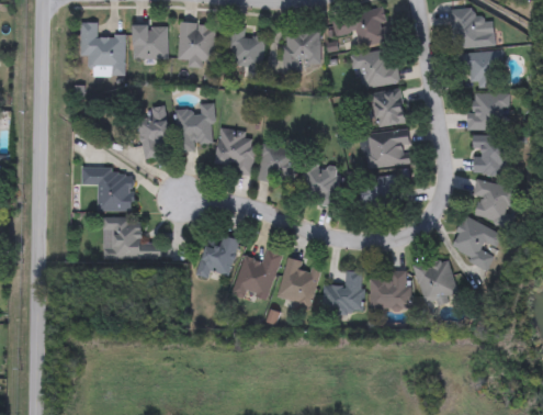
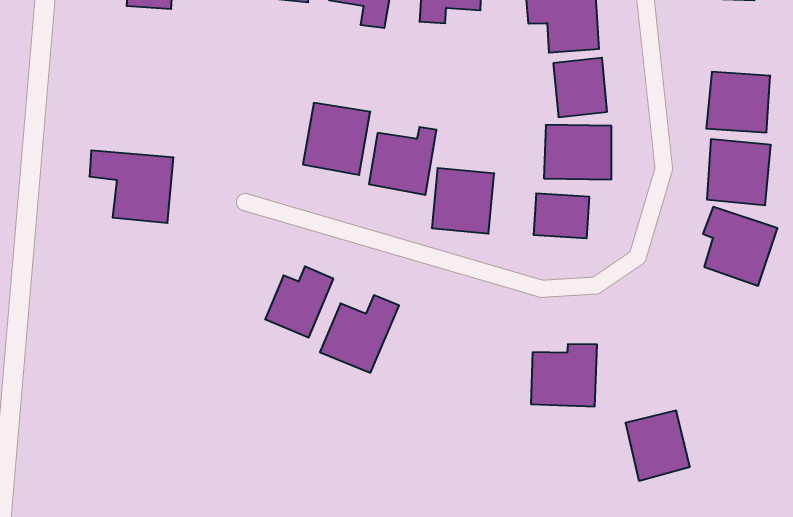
building: [460,52,501,87] -> none
building: [178,103,214,145] -> none
building: [138,105,170,158] -> none
building: [102,216,160,258] -> none
building: [449,216,504,268] -> none
building: [415,257,457,303] -> [625,411,690,481]
building: [276,259,320,307] -> none
building: [324,270,363,313] -> none

